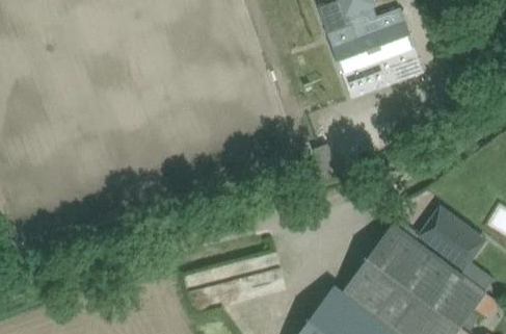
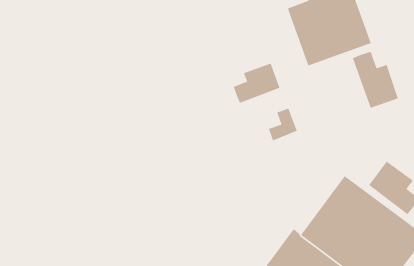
building: none -> [352,51,399,109]
building: none -> [233,63,280,104]

